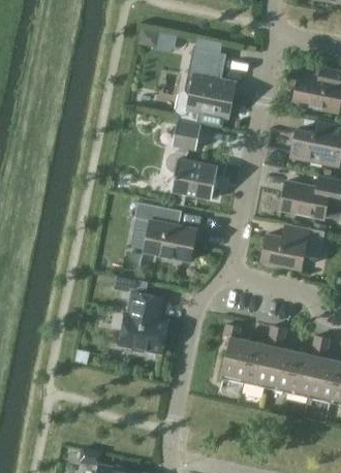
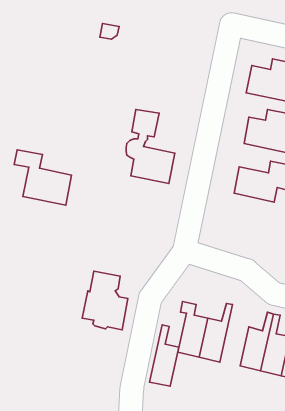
building: [175,48,236,125] -> none
building: [135,202,196,261] -> [14,150,72,205]
building: [262,226,326,269] -> none
building: [266,327,297,392] -> [150,325,179,386]

